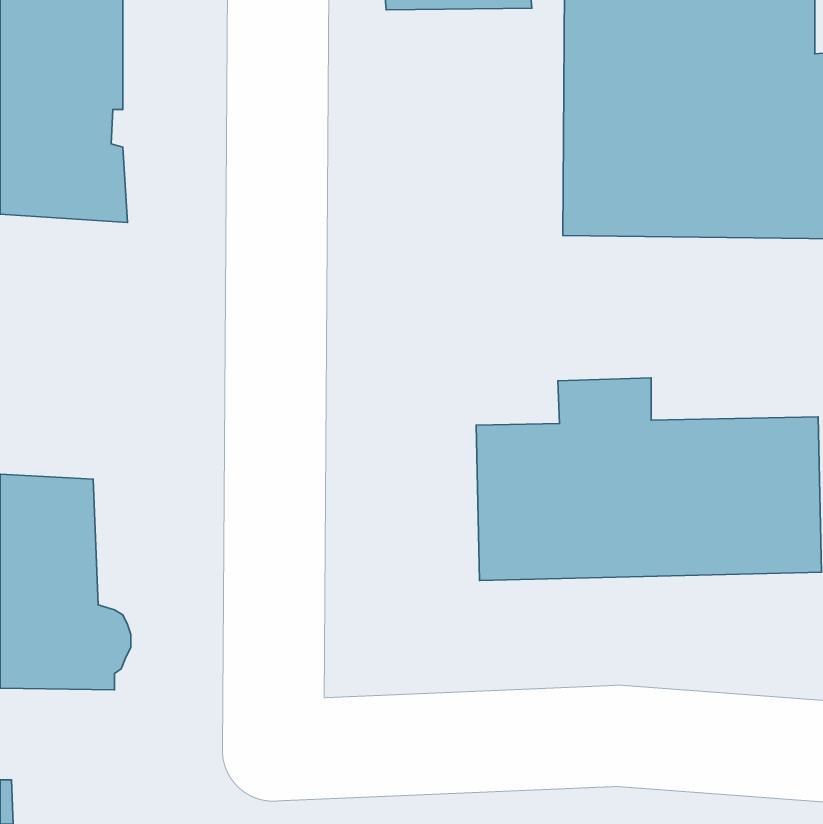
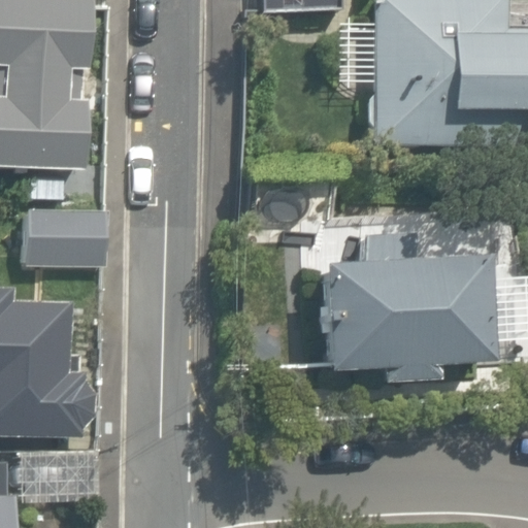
building: none -> [18,202,109,272]

